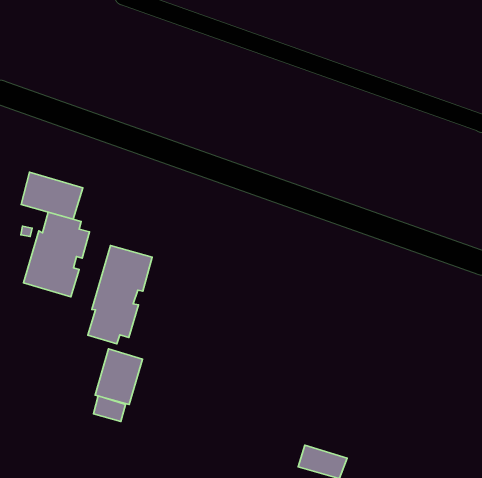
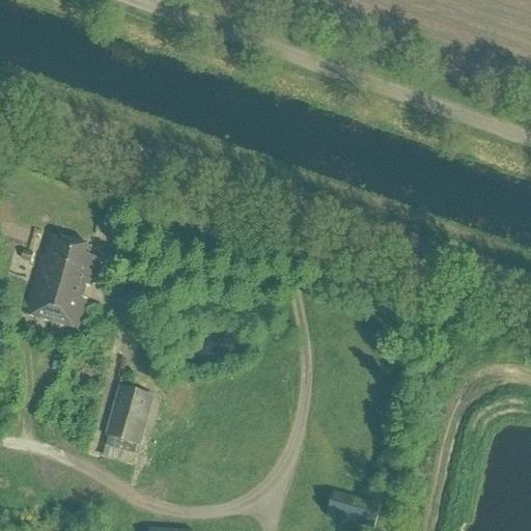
building: [21,172,83,219] -> none
building: [88,246,152,344] -> none

